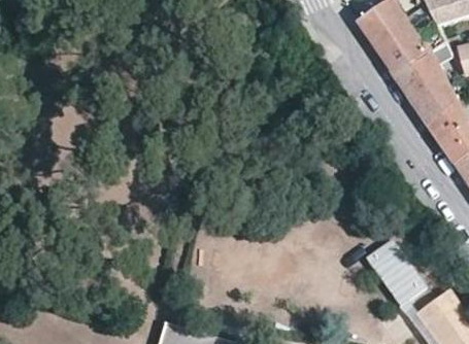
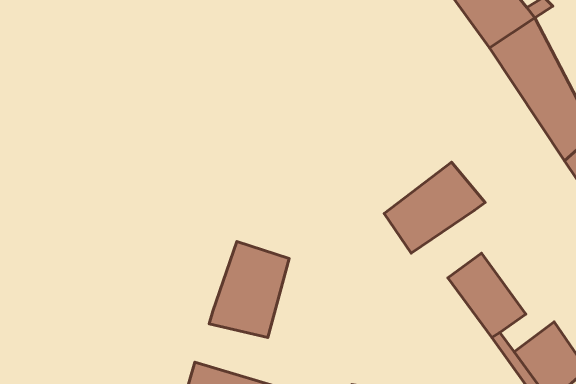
building: none -> [384,162,485,253]
building: none -> [209,241,289,338]

